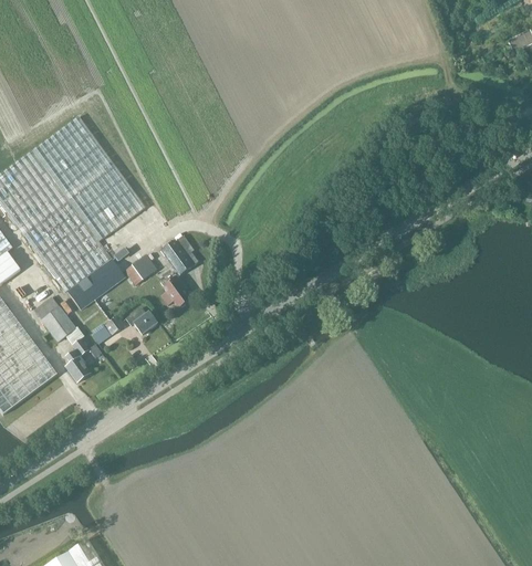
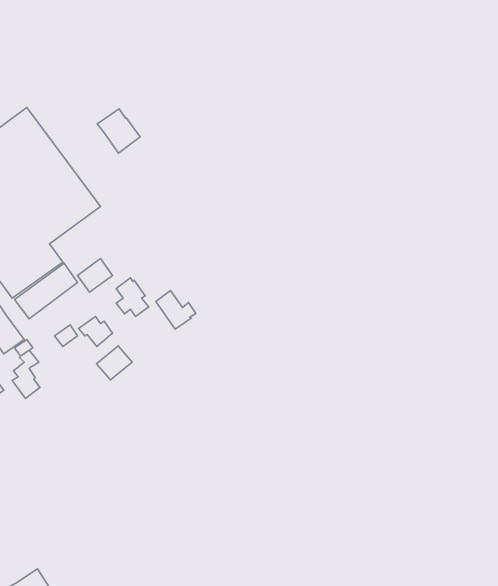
building: none -> [97,109,140,153]
building: [160,240,197,275] -> [156,291,196,329]
building: none -> [97,346,132,380]

